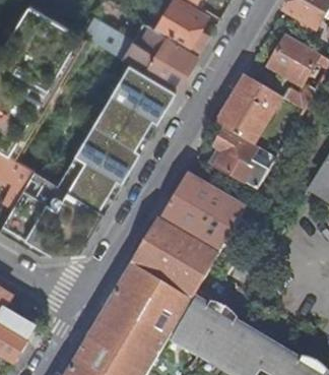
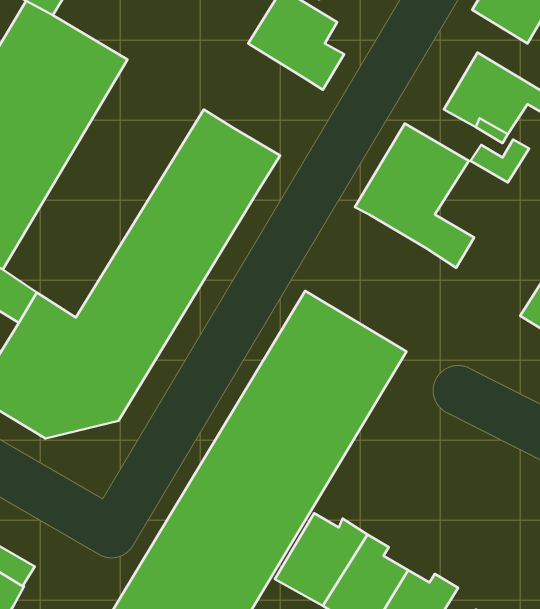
building: [80,13,197,93] -> none
building: [209,127,266,188] -> none

